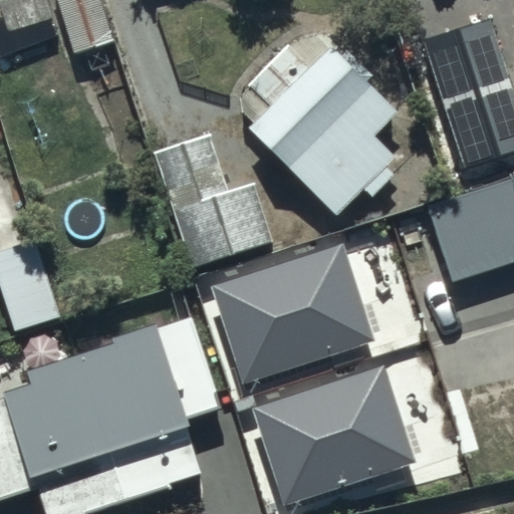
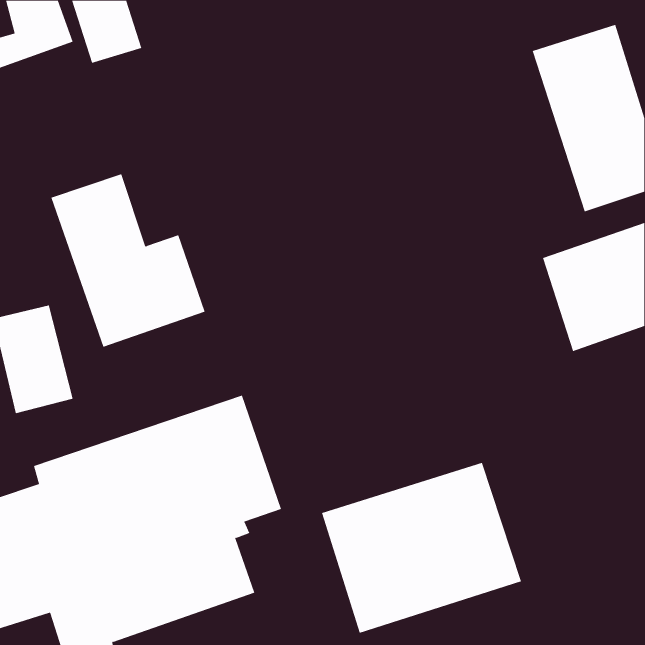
building: [249,42,399,214] -> none
building: [155,131,277,268] -> [51,173,206,347]
building: [210,240,371,381] -> none

